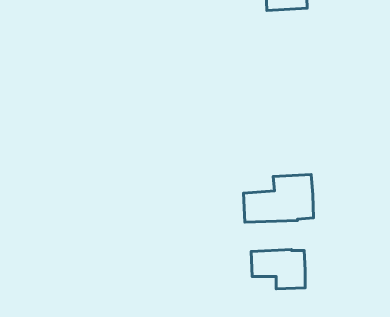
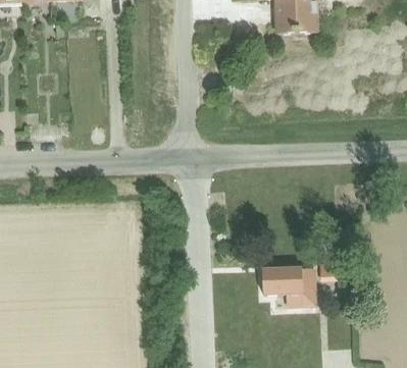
building: [244,175,314,222] -> none

